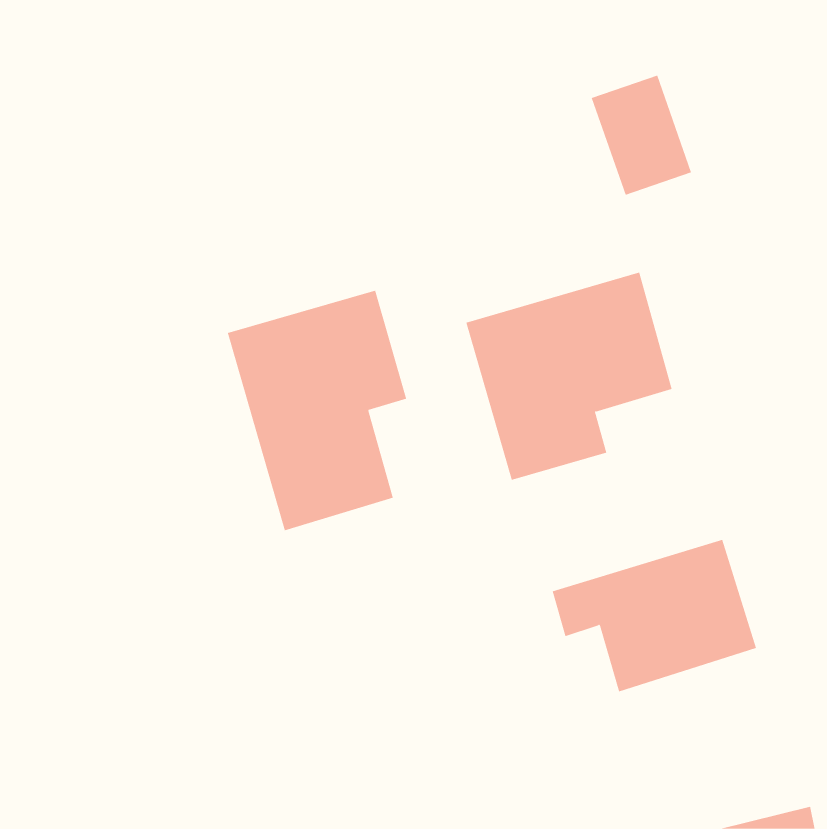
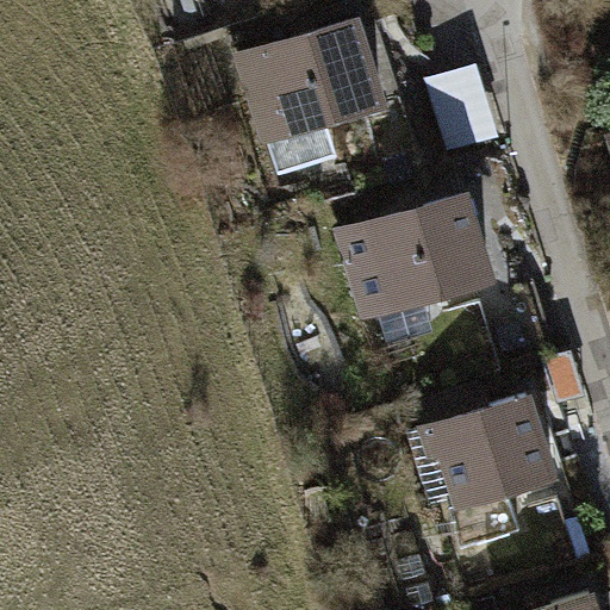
building: none -> [234,23,384,139]
building: [227,290,407,531] -> none

